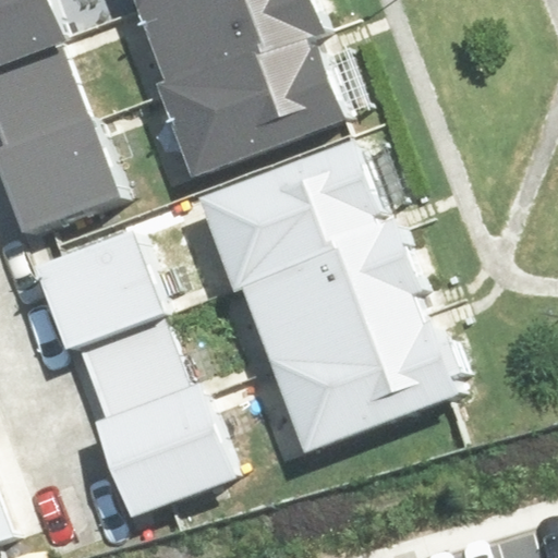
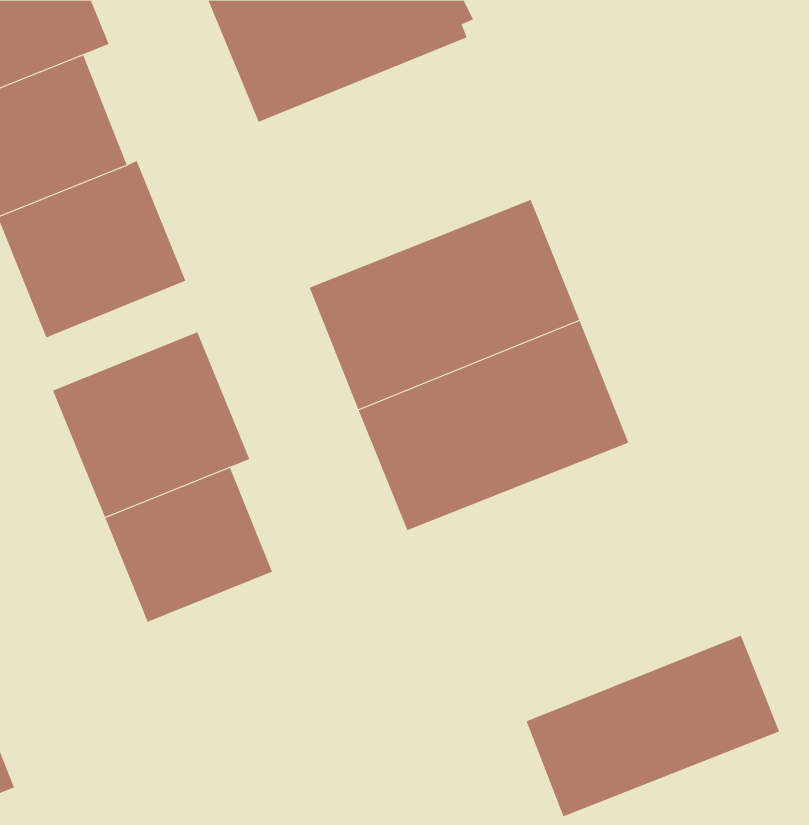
building: [162,32,347,177] -> none
building: [271,302,456,449] -> none
building: [98,380,236,511] -> none
building: none -> [526,635,780,817]

